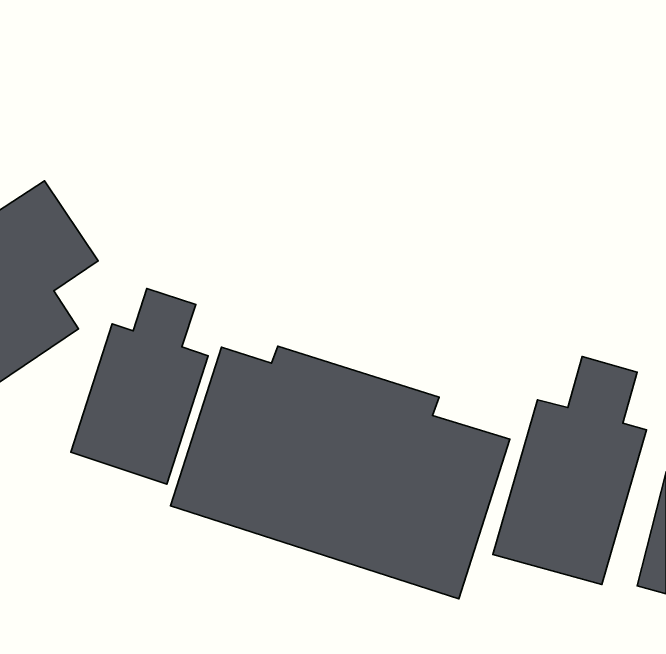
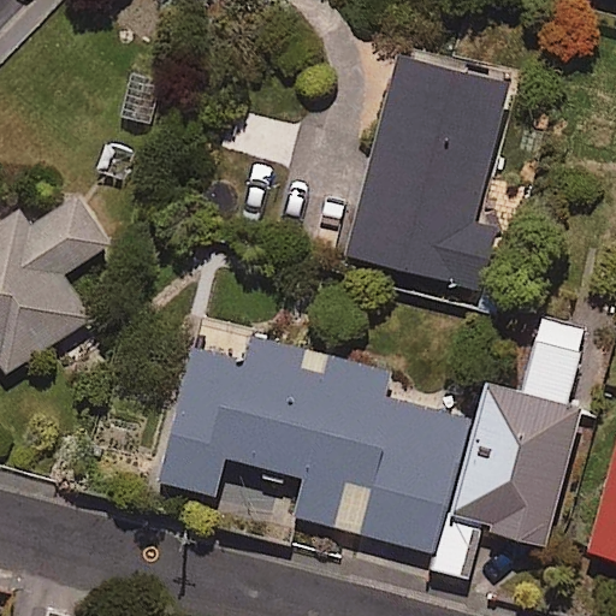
building: none -> [343,47,511,294]
building: [71,289,208,484] -> none

